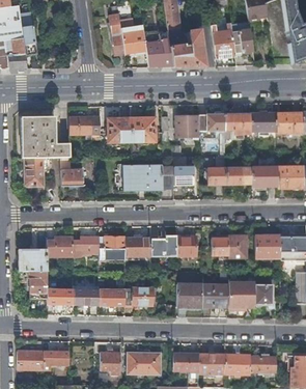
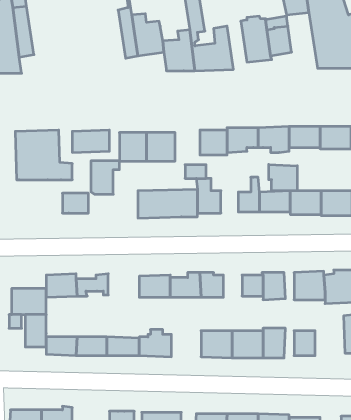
building: none -> [269,164,297,191]
building: [24,158,48,186] -> [91,161,119,194]
building: [99,237,124,259] -> none

